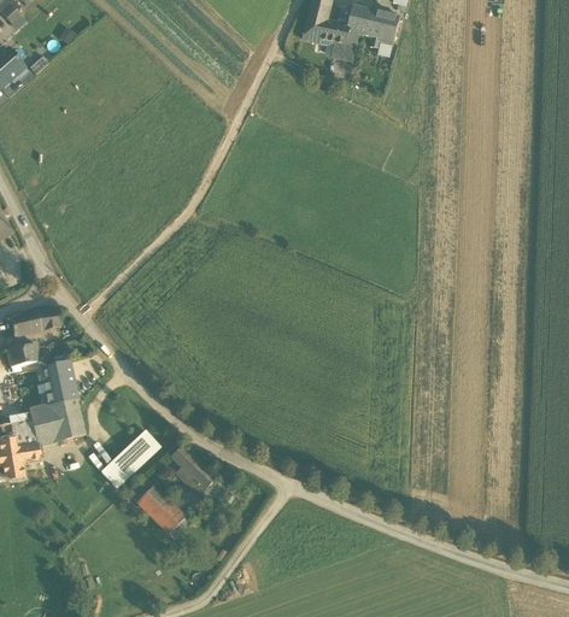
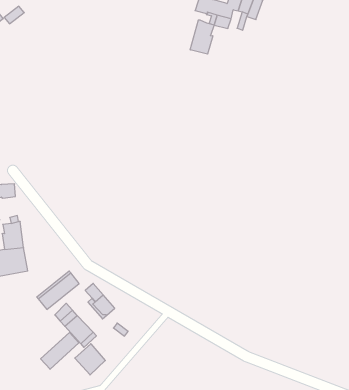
building: none -> [190,20,214,54]
building: none -> [41,333,79,369]
building: none -> [75,344,105,375]

